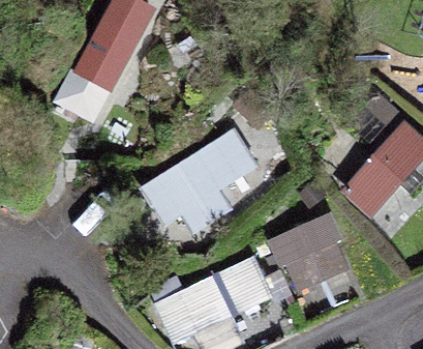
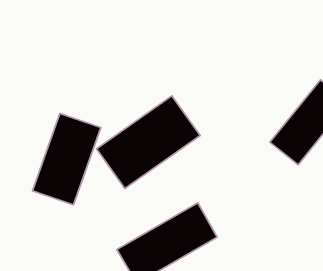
building: [56,18,141,125] -> [32,114,101,205]
building: [267,213,353,295] -> none

